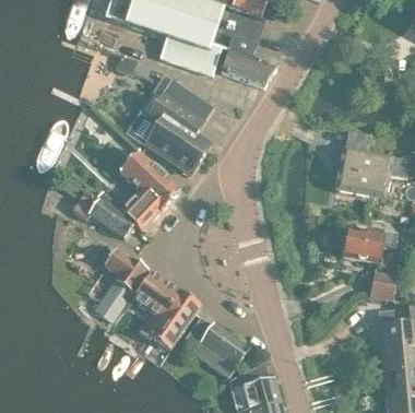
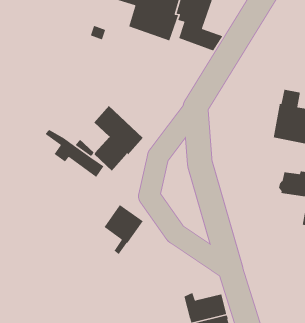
building: [145,79,212,173] -> none
building: [95,246,147,317] -> none
building: [140,288,201,353] -> none
building: [181,316,249,376] -> none

